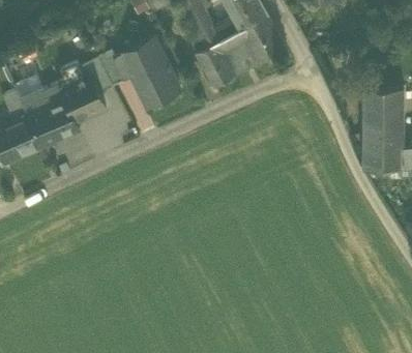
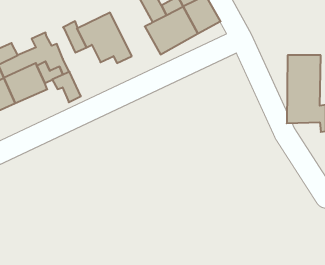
building: [79,58,113,94] -> [52,72,81,102]

